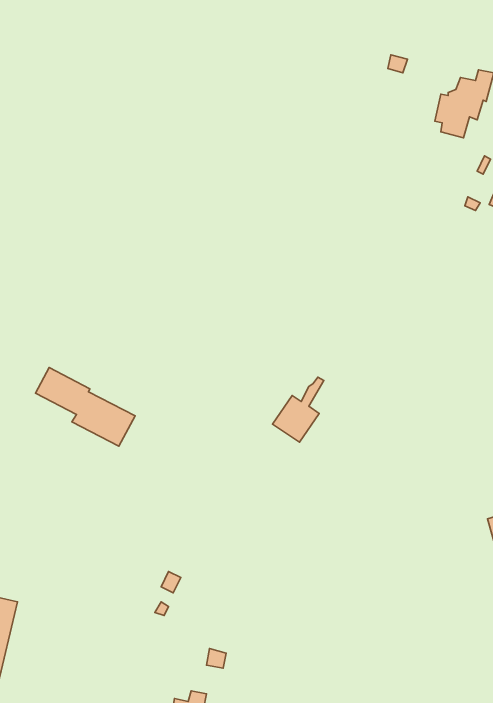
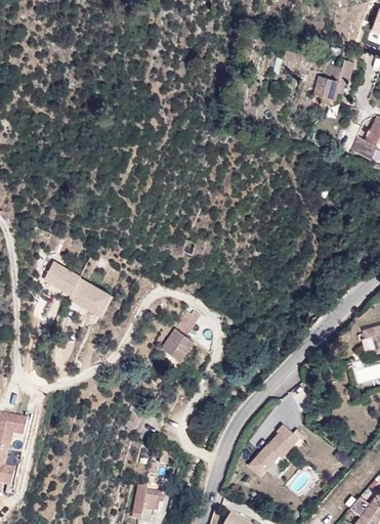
building: [272,377,324,442] -> [161,315,196,359]
building: none -> [248,424,298,475]

